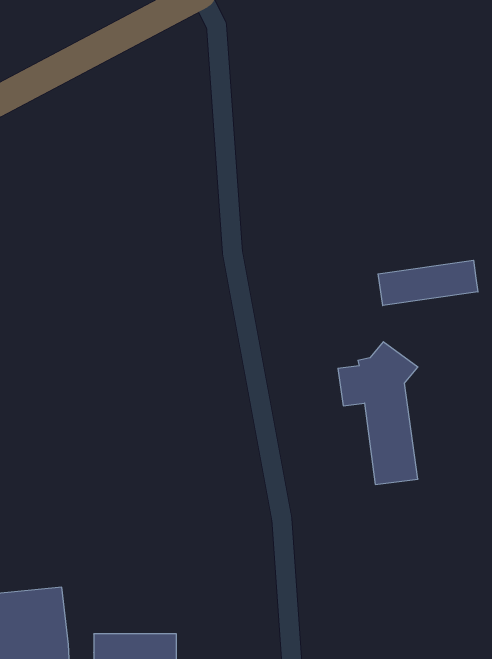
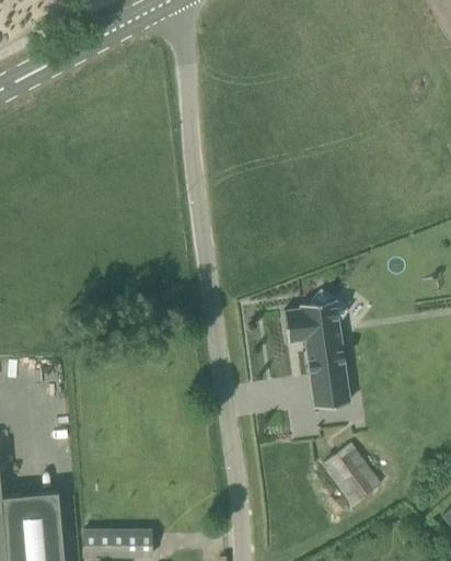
building: [378,260,478,306] -> none
building: none -> [321,444,381,507]

